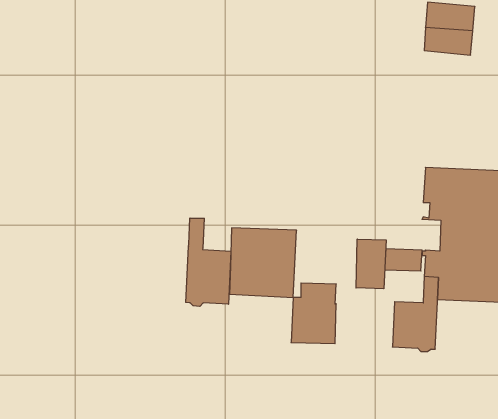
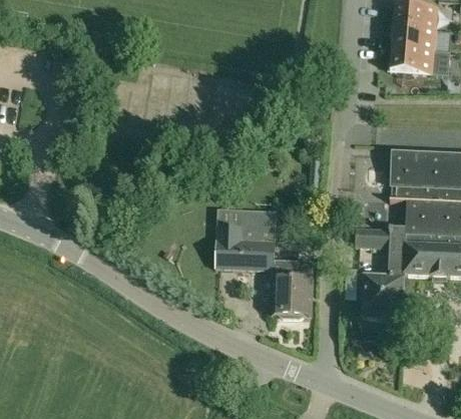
building: none -> [390,47,450,74]
building: [186,218,231,306] -> none
building: [356,239,386,289] -> none

